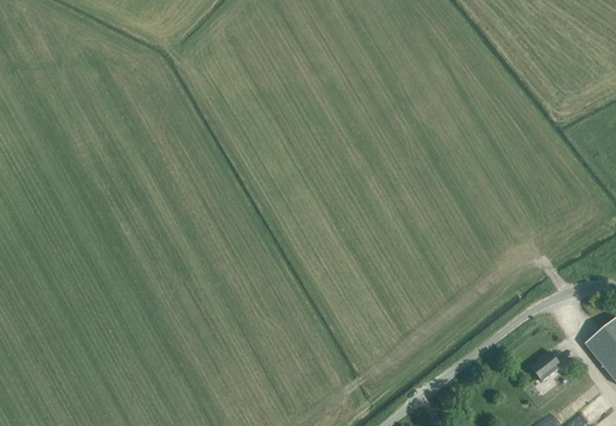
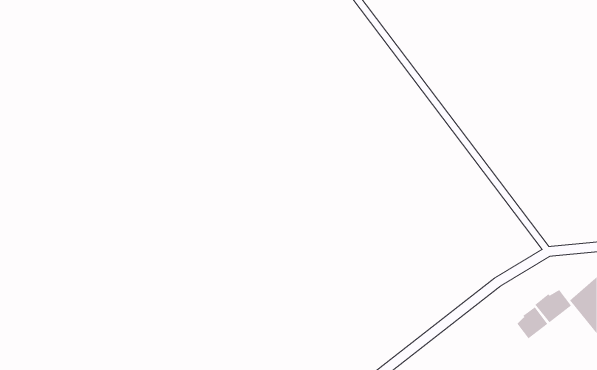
building: none -> [534,289,572,323]

